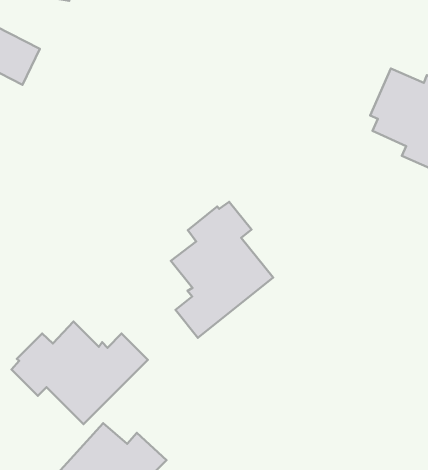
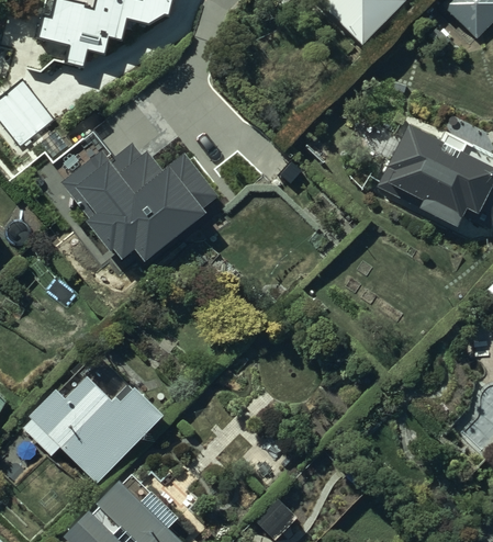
building: none -> [65,154,205,253]
building: [171,202,273,338] -> none

